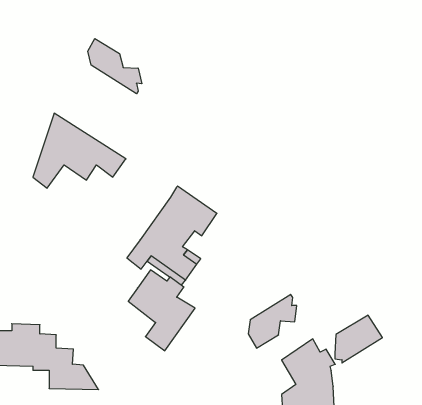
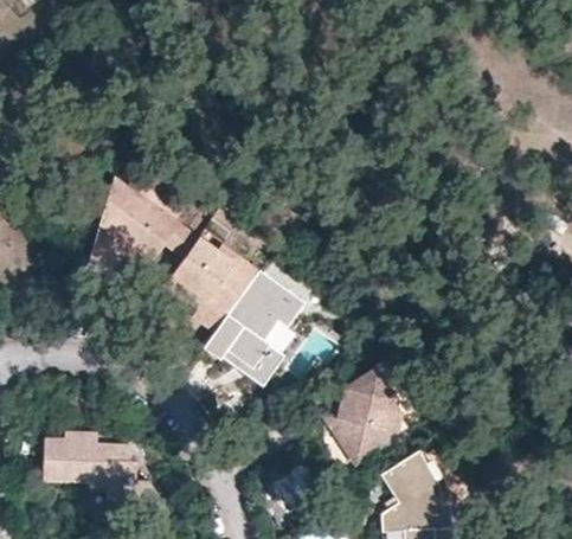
building: [88,39,142,94] -> none
building: [128,270,195,351] -> [173,237,251,332]
building: [335,315,382,363] -> [336,370,392,425]

